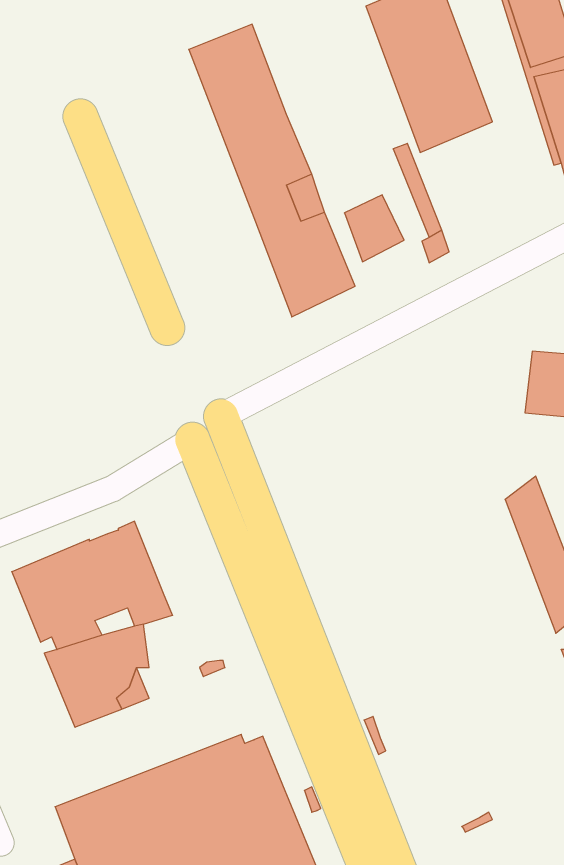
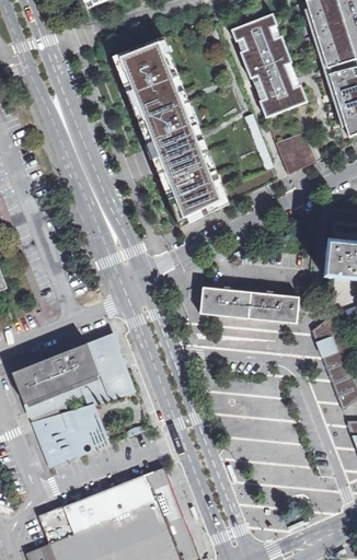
building: [344,195,404,262] -> [276,132,312,173]
building: none -> [199,282,300,323]
building: none -> [87,332,135,399]

